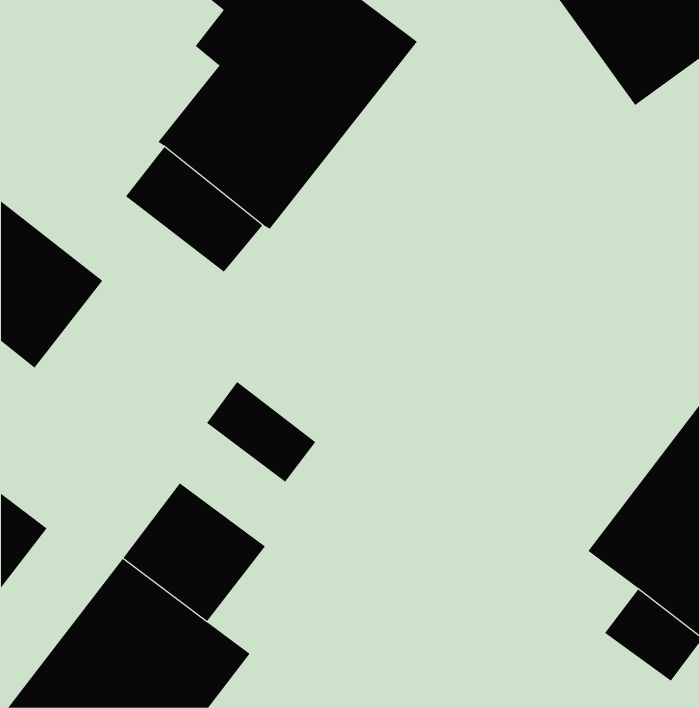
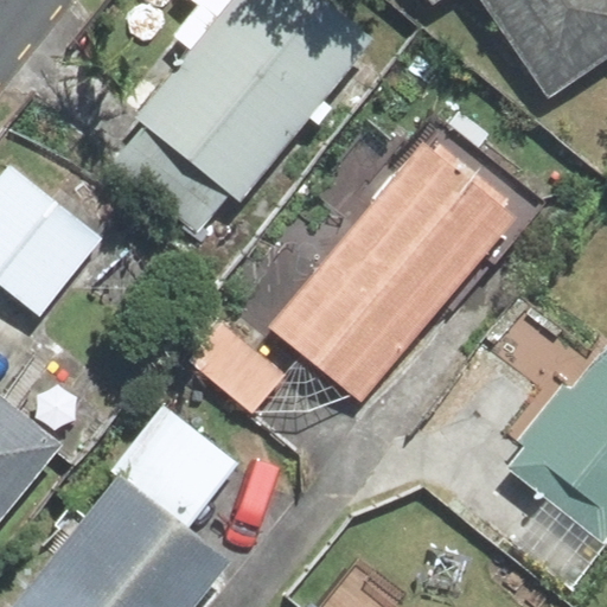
building: none -> [274,155,501,404]

